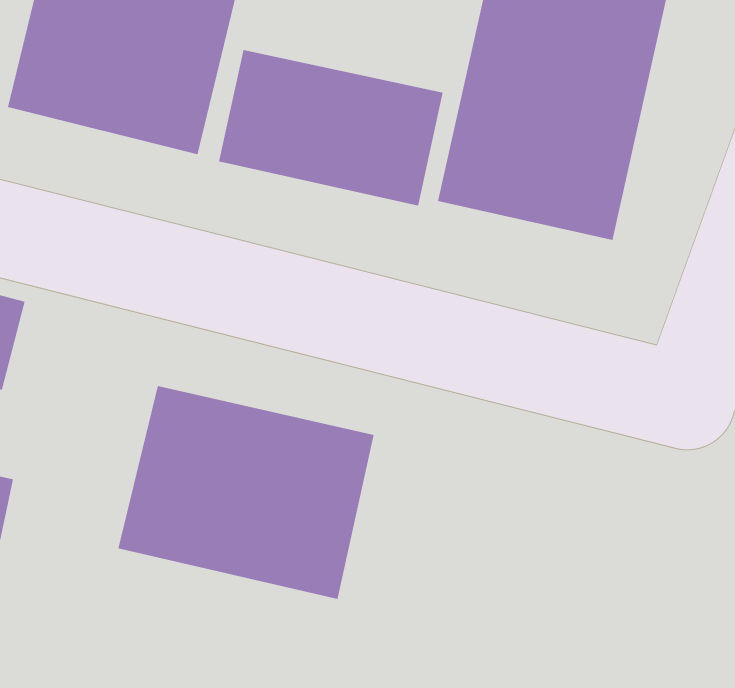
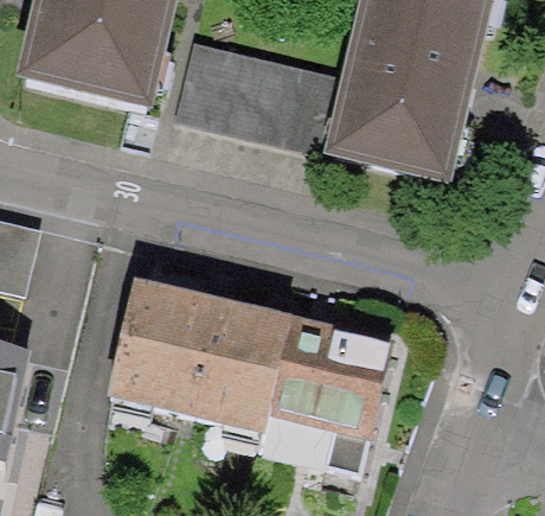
building: none -> [254,316,382,470]

